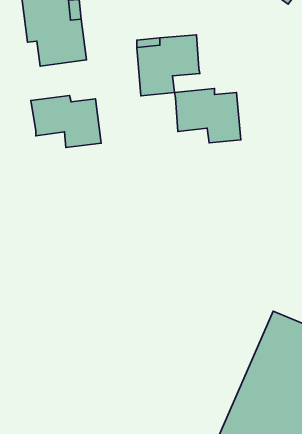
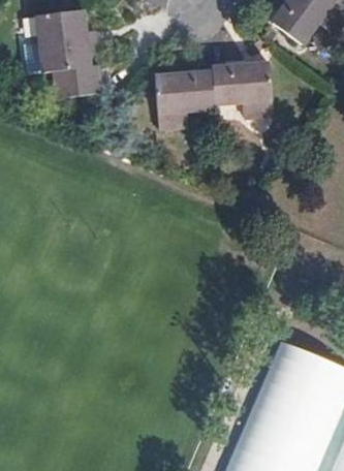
building: [175,88,241,143] -> [209,63,274,117]
building: [31,95,101,147] -> none

